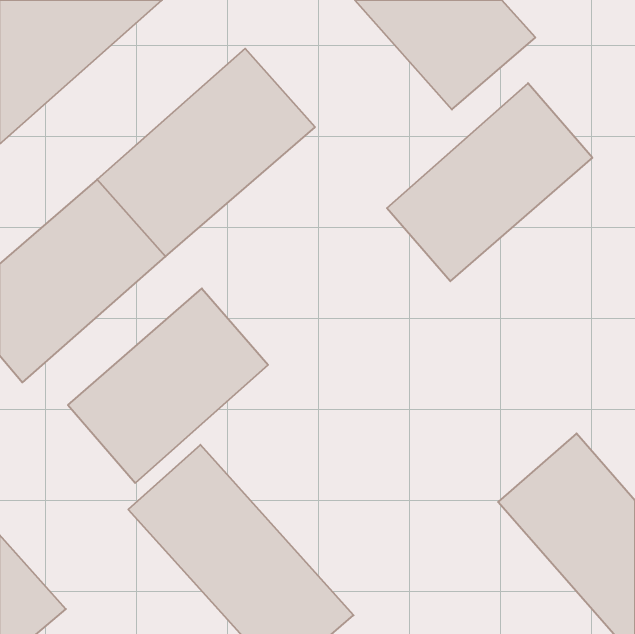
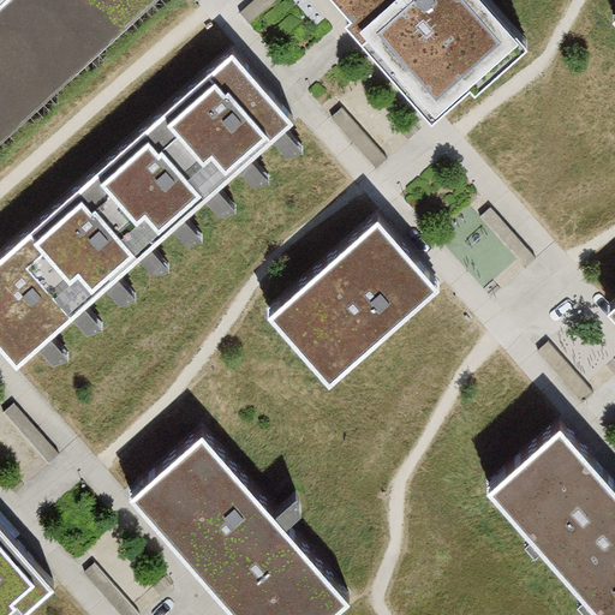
building: [387,83,592,281] -> none
building: none -> [258,214,440,389]
building: [68,288,268,483] -> none

